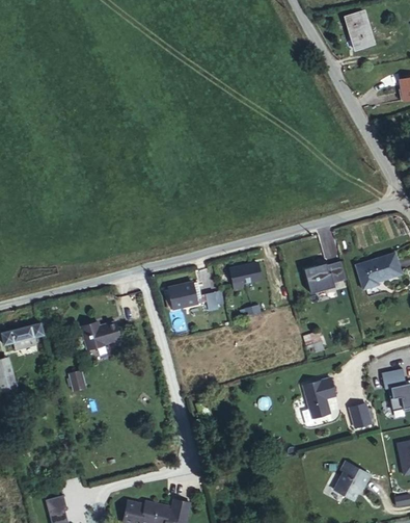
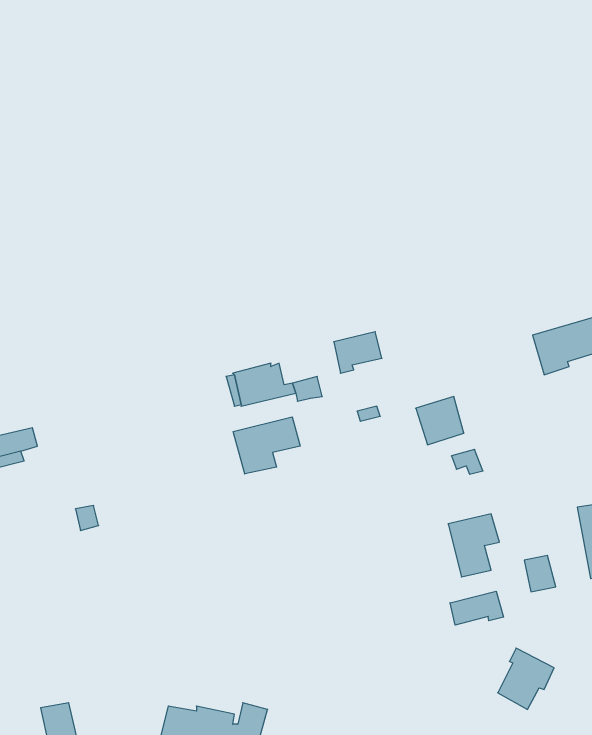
building: [303,265,333,295] -> [416,397,464,445]
building: none -> [233,417,300,474]
building: [81,322,120,349] -> none
building: none -> [450,591,504,625]

